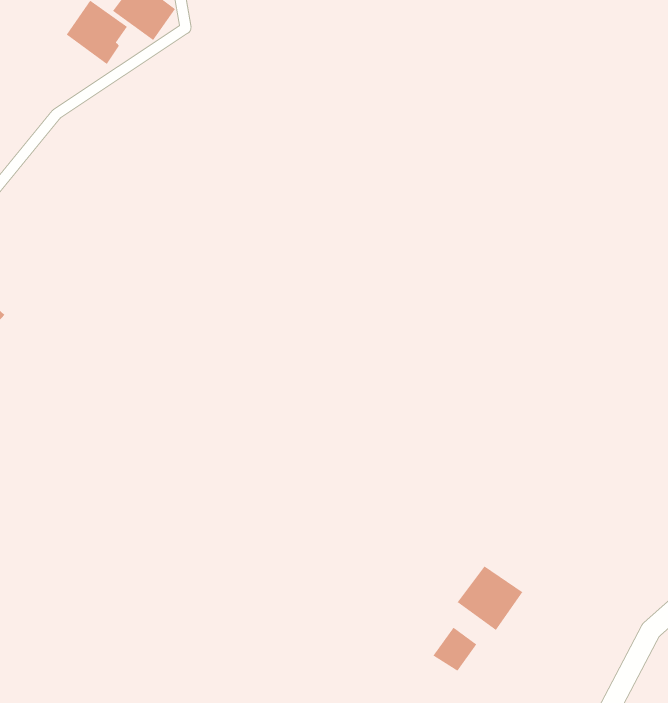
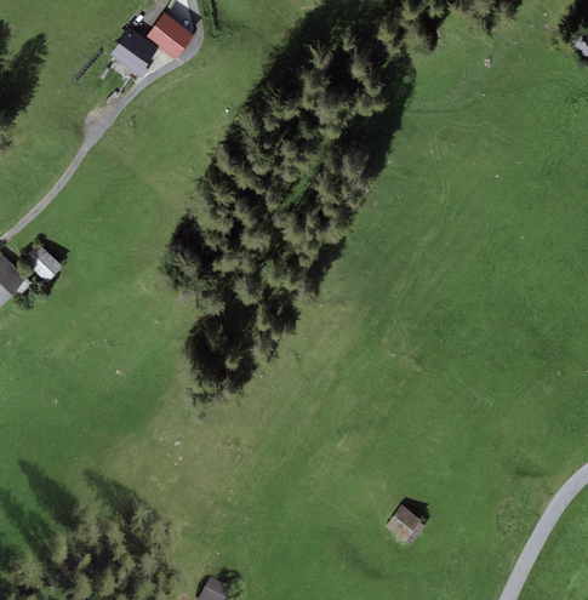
building: [457,566,523,631] -> none

